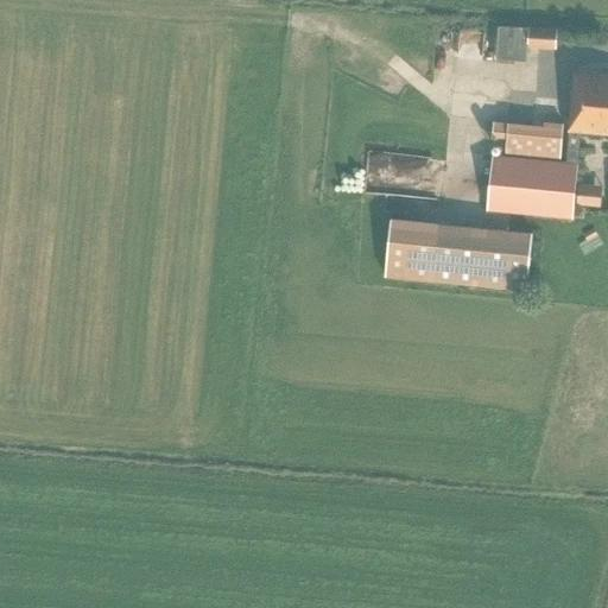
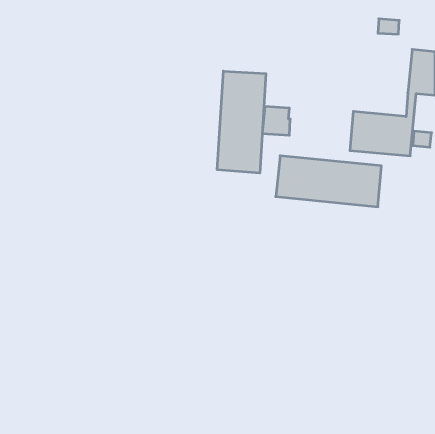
building: [496,25,528,61] -> none
building: none -> [217,71,266,173]
building: [505,120,563,158] -> none

